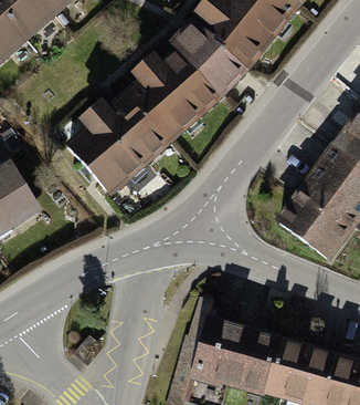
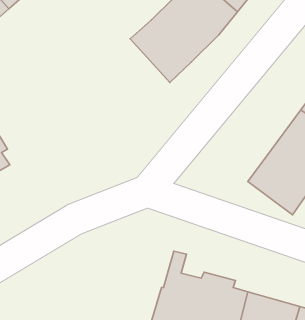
building: [70,70,197,193] -> none

